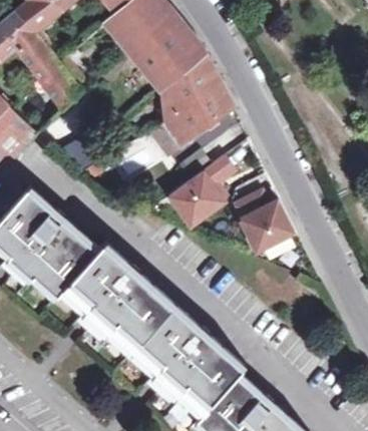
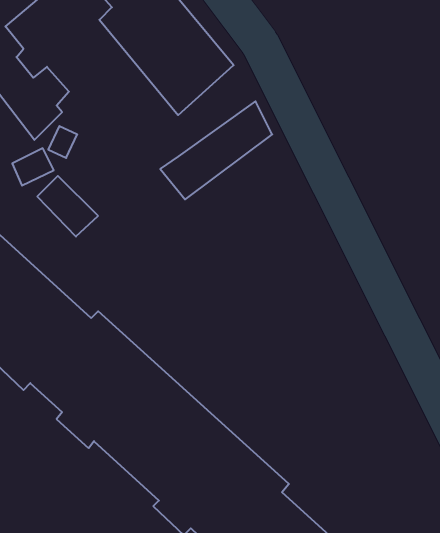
building: [162,56,219,123] -> none
building: [169,156,234,227] -> none
building: [233,193,294,253] -> none

